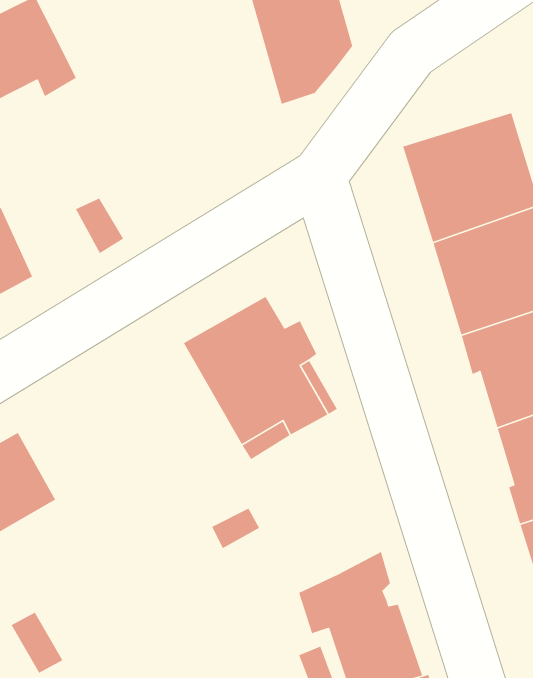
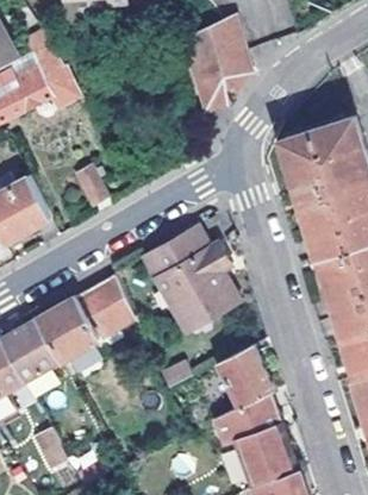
building: none -> [40,276,133,361]
building: none -> [219,349,274,407]

